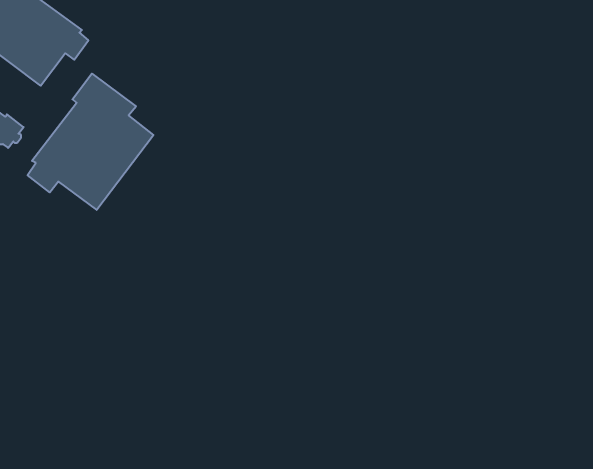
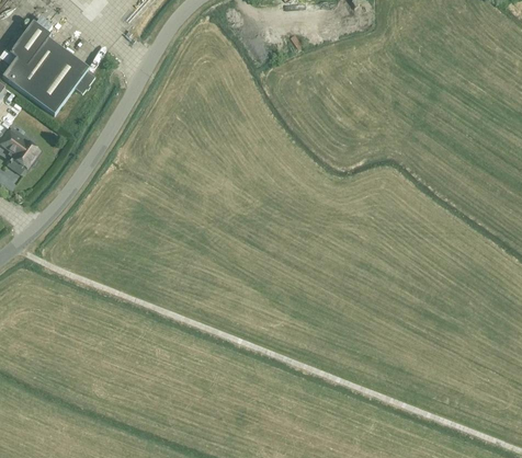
building: [28,74,153,210] -> none

